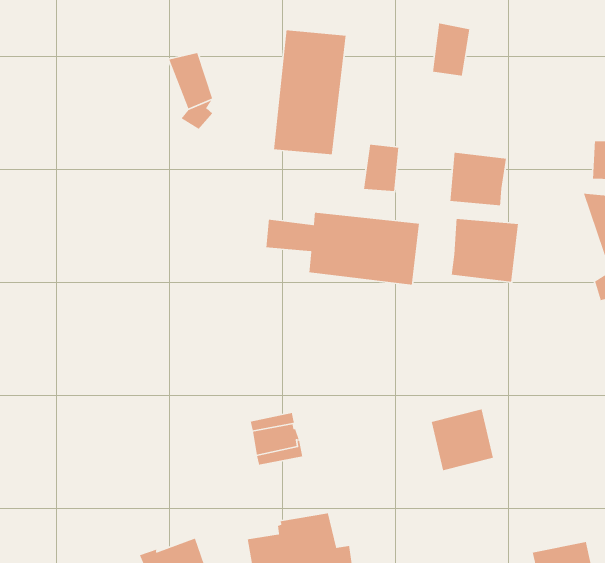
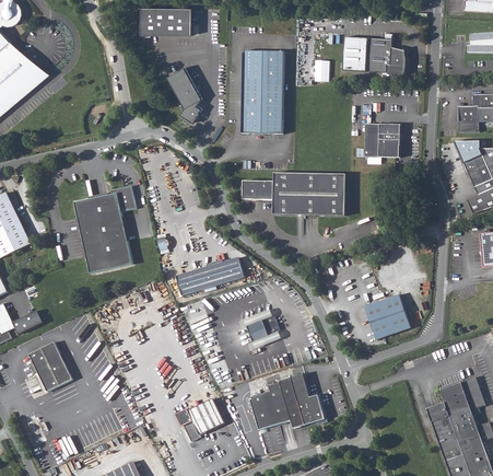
building: none -> [365,37,407,72]
building: [363,144,399,192] -> none
building: none -> [75,186,137,274]
building: [451,218,519,282] -> none
building: none -> [179,255,247,293]

